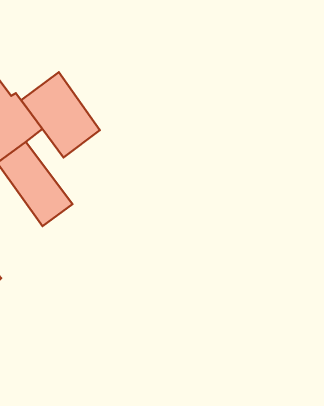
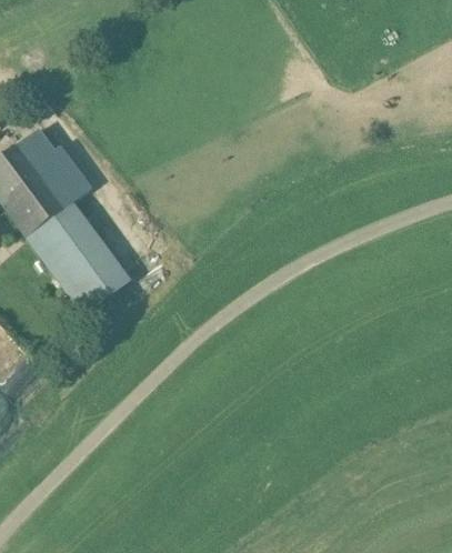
building: [21,72,100,157] -> none

